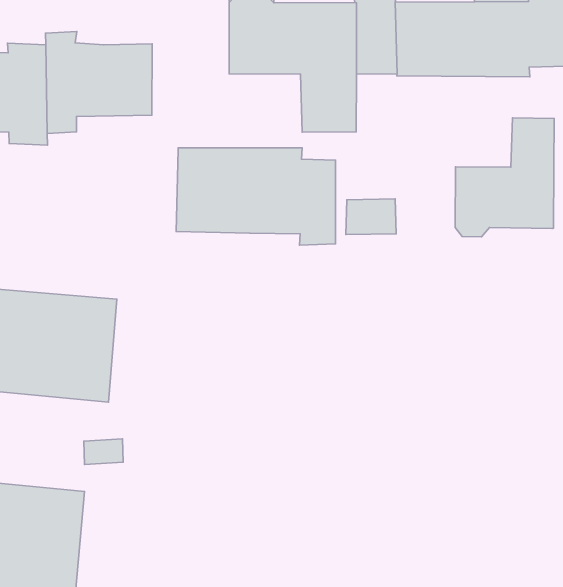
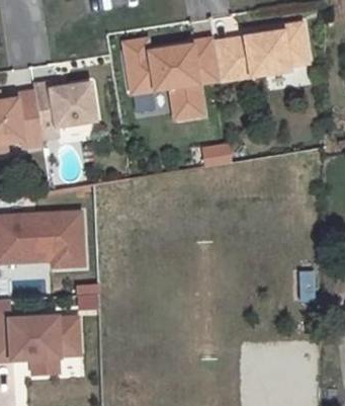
building: [455,118,554,237] -> none
building: [176,148,336,245] -> none

